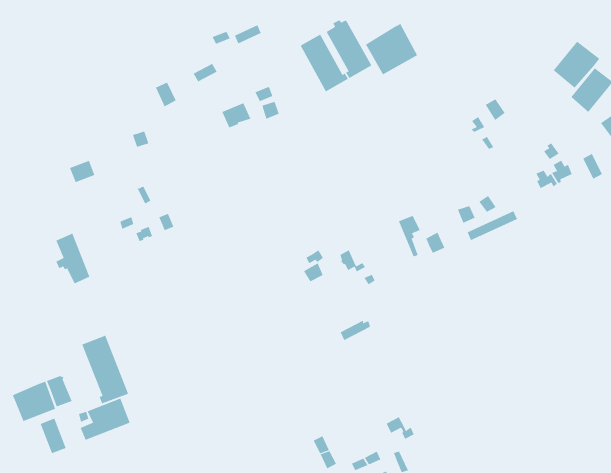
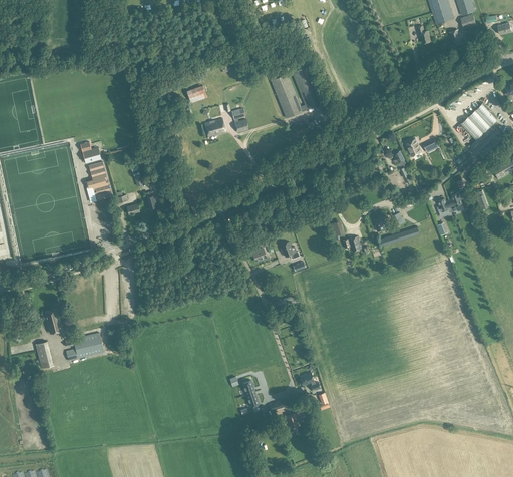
building: [365,23,418,75] -> none
building: [55,233,90,284] -> [86,161,111,200]
building: [82,335,129,404] -> none
building: [12,381,56,422] -> none

